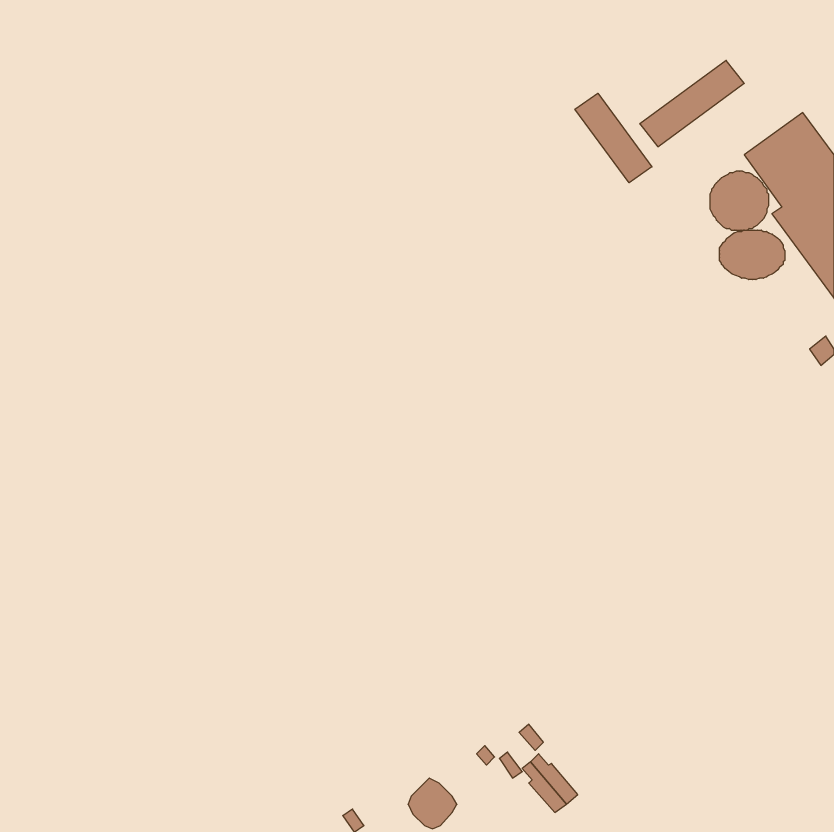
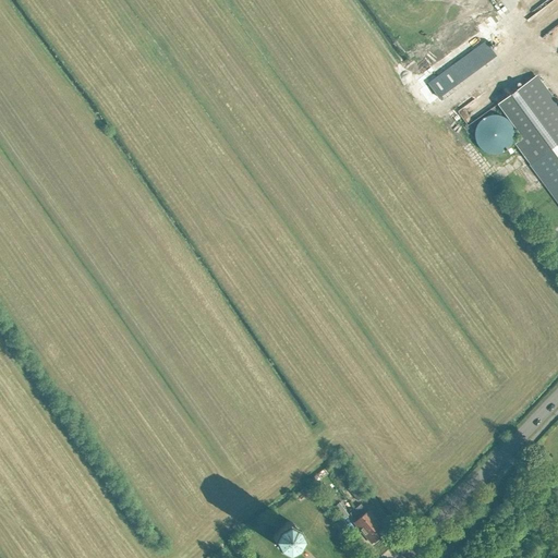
building: [575,93,652,183] -> none
building: [720,230,785,280] -> none

